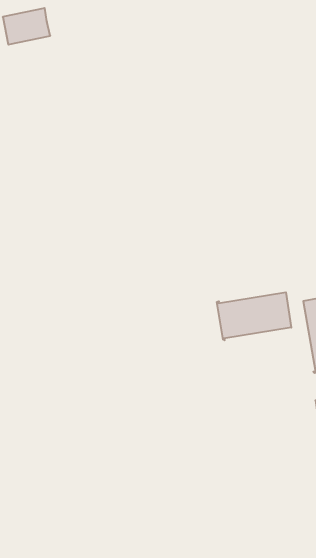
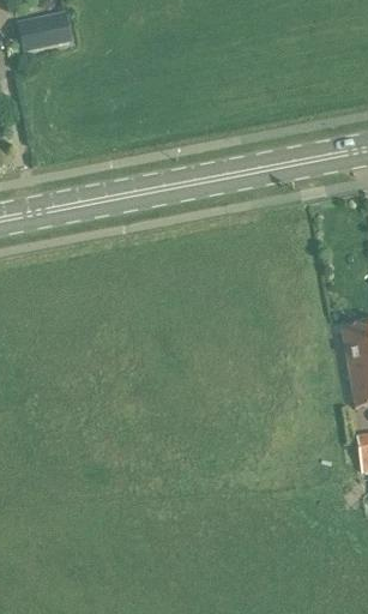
building: [217,292,291,340] -> none

